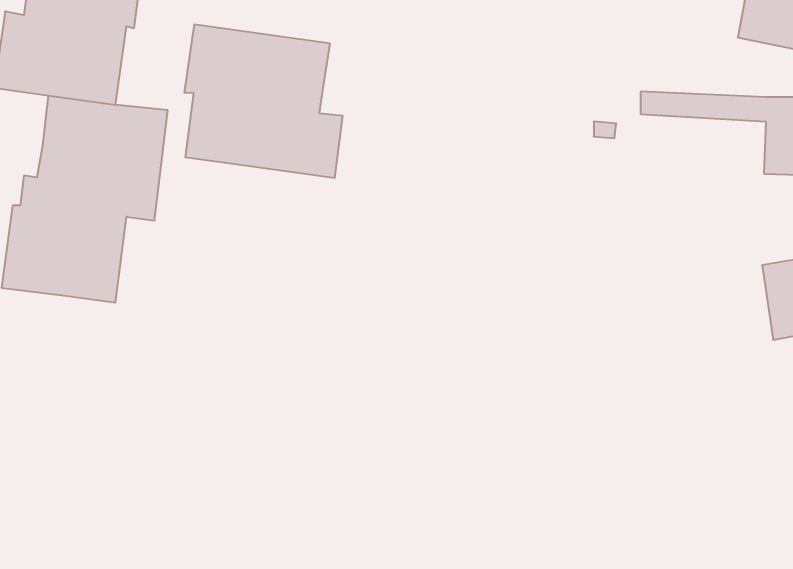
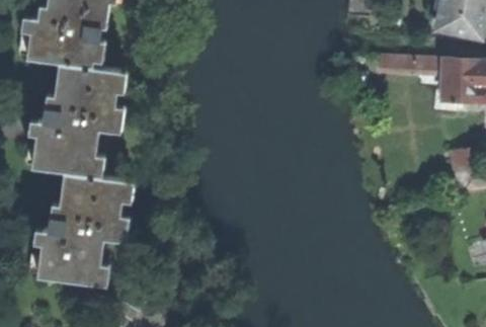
building: [184,24,342,178] -> none
building: none -> [39,171,127,284]

